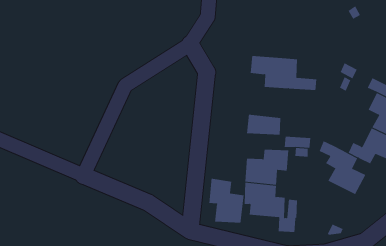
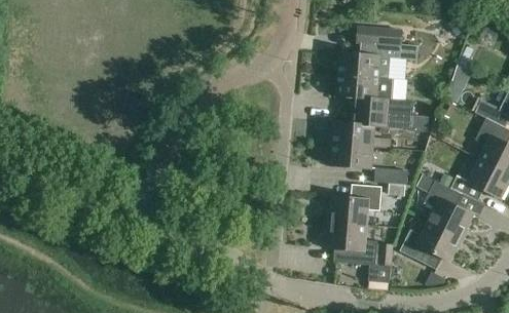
building: none -> [338,28,417,79]
building: none -> [334,112,414,148]
building: [209,178,244,224] -> none
building: none -> [401,222,461,264]

